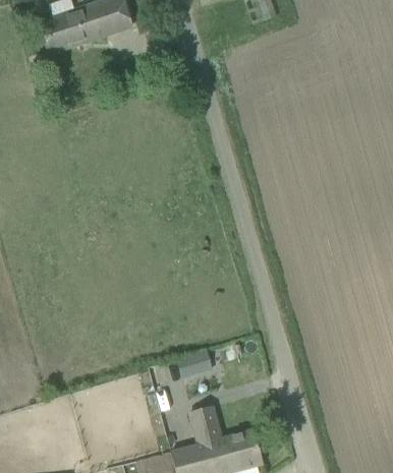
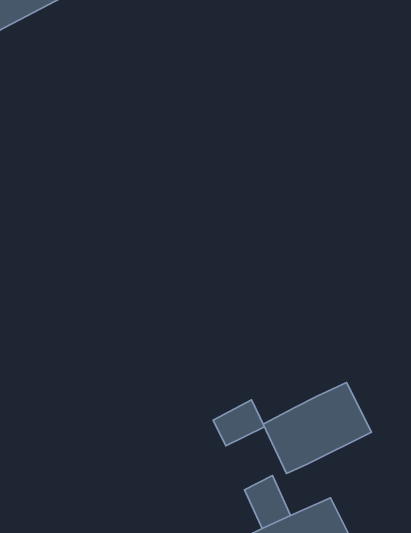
building: none -> [263,382,372,473]

